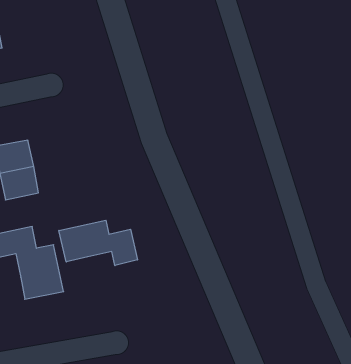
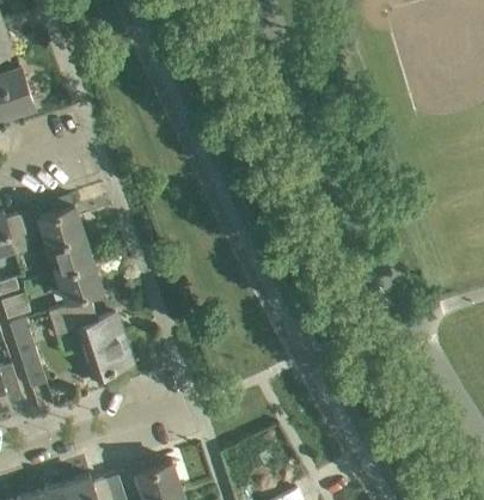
building: none -> [56,261,100,300]
building: [59,220,137,266] -> none

